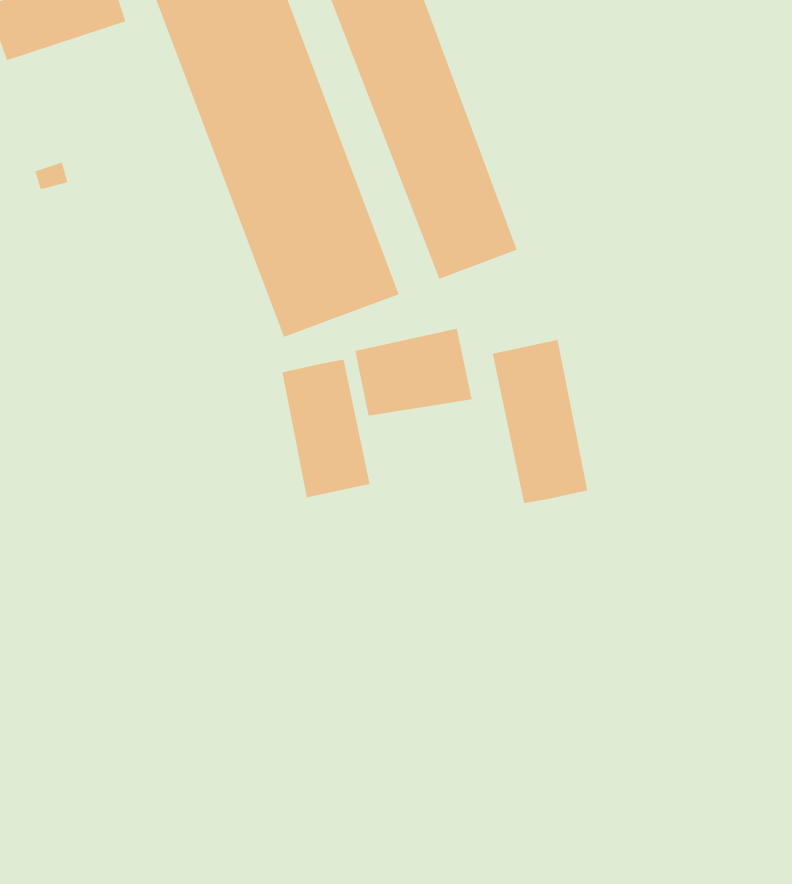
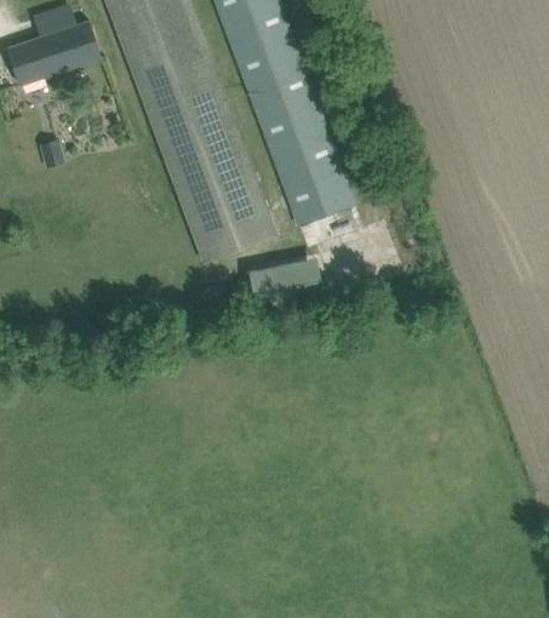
building: [492,339,588,504] -> none
building: [282,359,370,498] -> none

